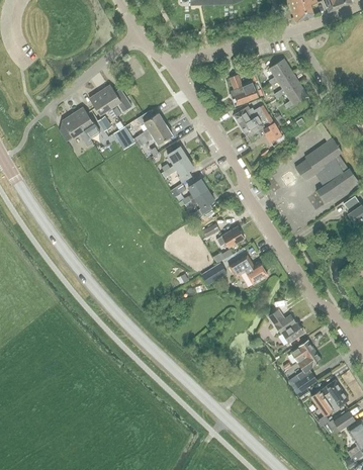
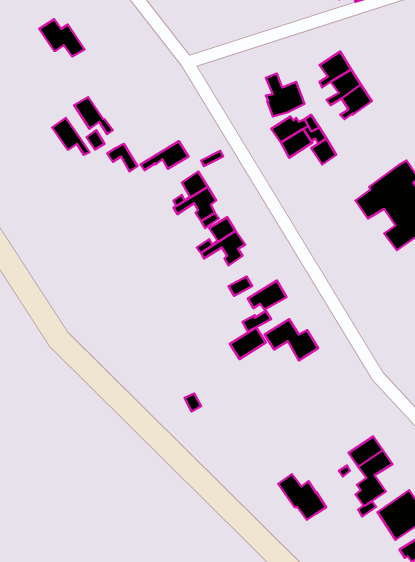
building: [99,84,132,111] -> [39,19,85,56]
building: [135,110,166,140] -> none
building: [61,113,90,140] -> none
building: [268,308,303,342] -> [278,474,326,520]

